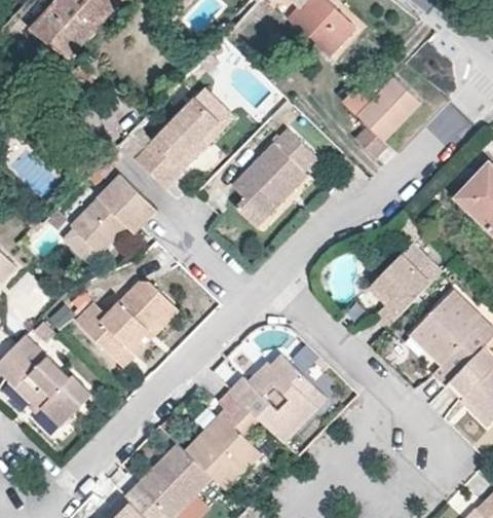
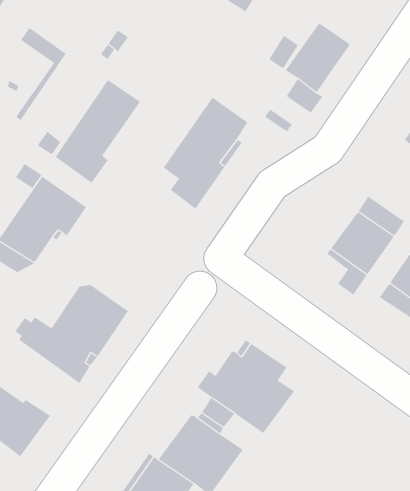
building: [179,86,234,171] -> [16,27,66,121]

